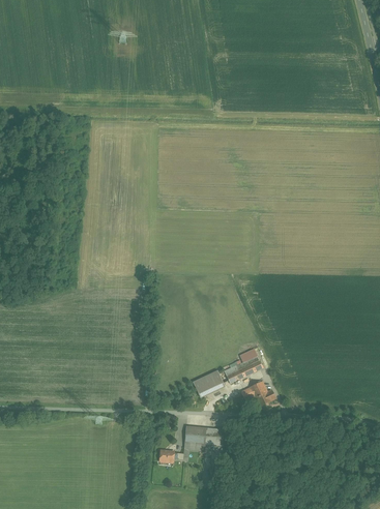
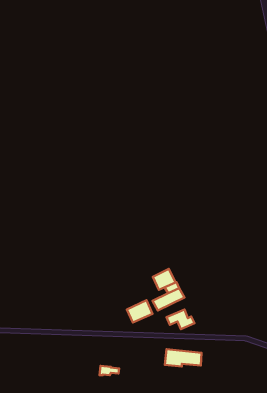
building: none -> [153,269,175,290]
building: [183,425,228,446] -> [165,349,202,366]

